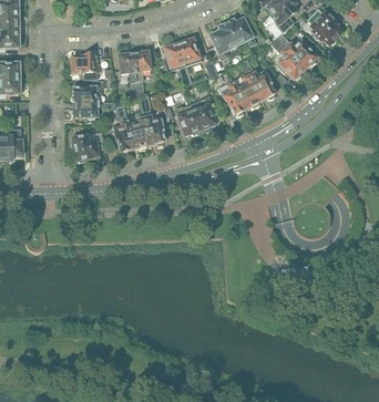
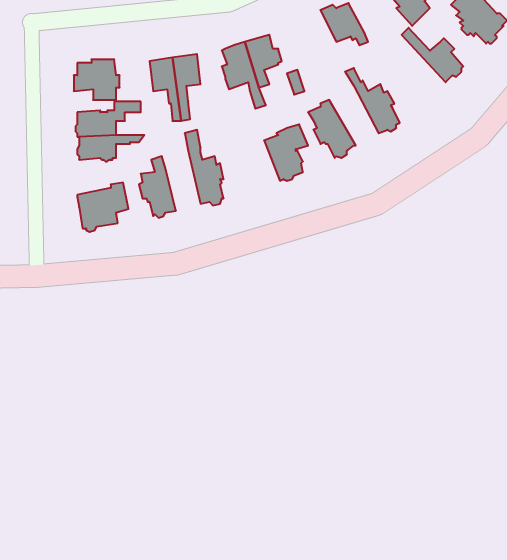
building: [209,21,236,58] -> none
building: [273,37,305,78] -> none
building: [232,69,263,106] -> none
building: [175,103,201,134] -> none
building: [129,110,151,147] -> none

